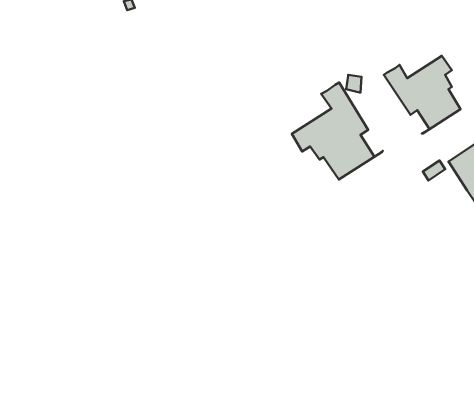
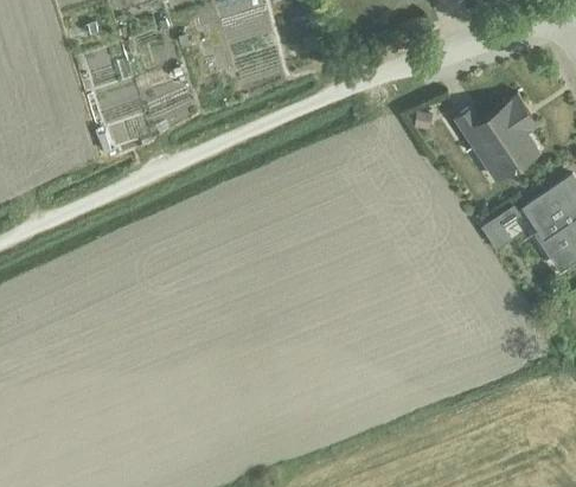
building: [292,83,383,180] -> none

